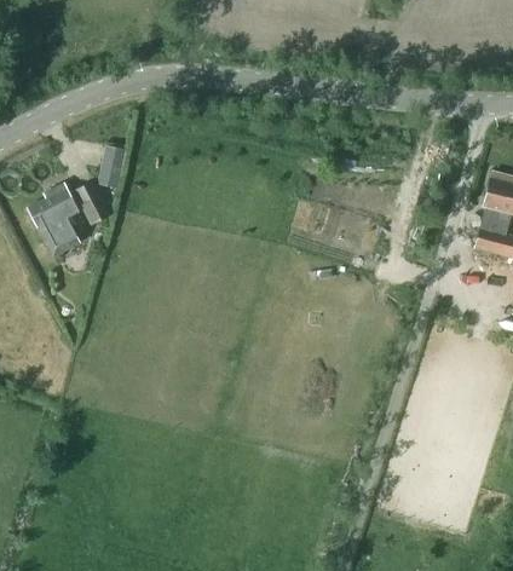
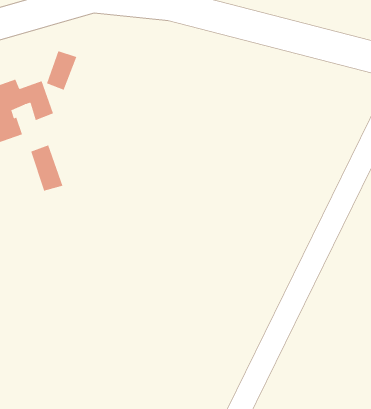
building: none -> [30,145,63,192]

